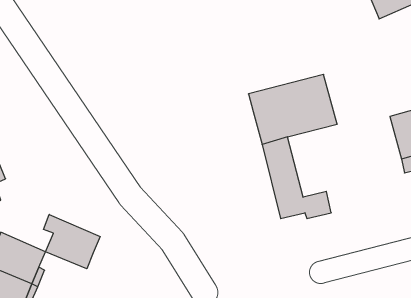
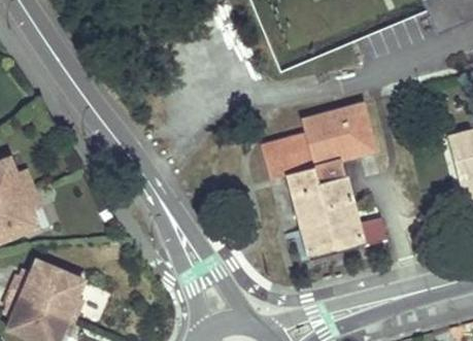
building: none -> [260,134,332,254]
building: [43,214,100,269] -> none

